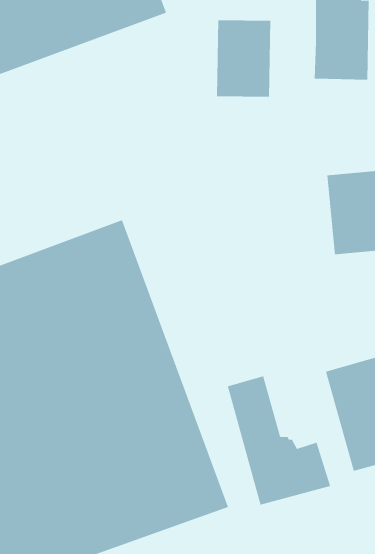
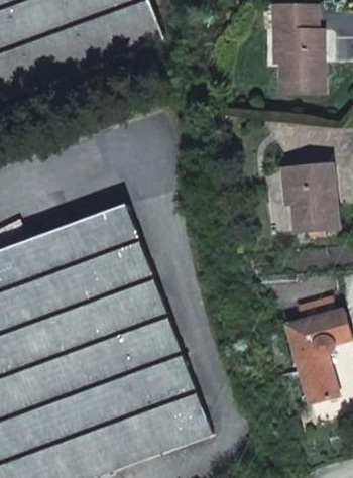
building: [217,20,271,98] -> none
building: [227,375,331,505] -> none

